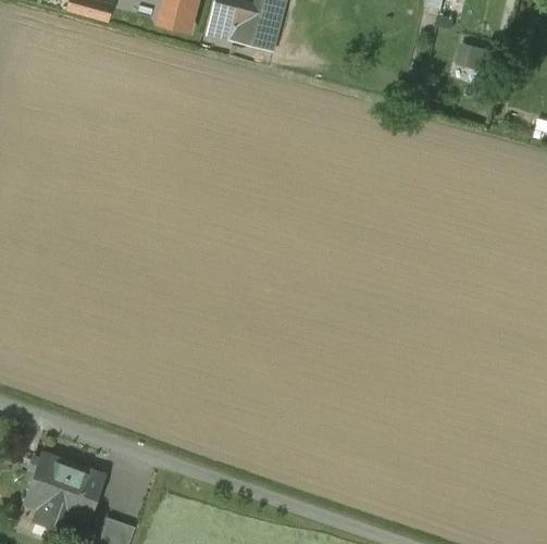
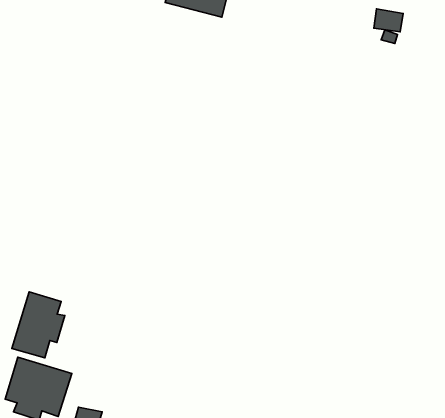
building: none -> [12,292,65,358]

